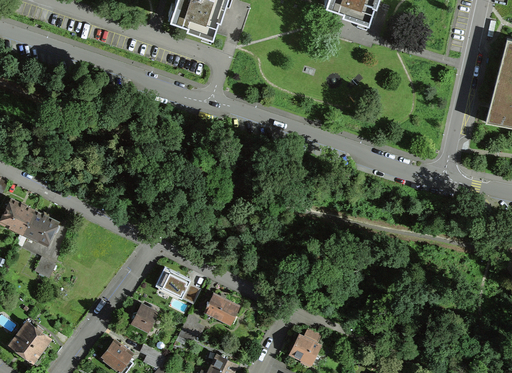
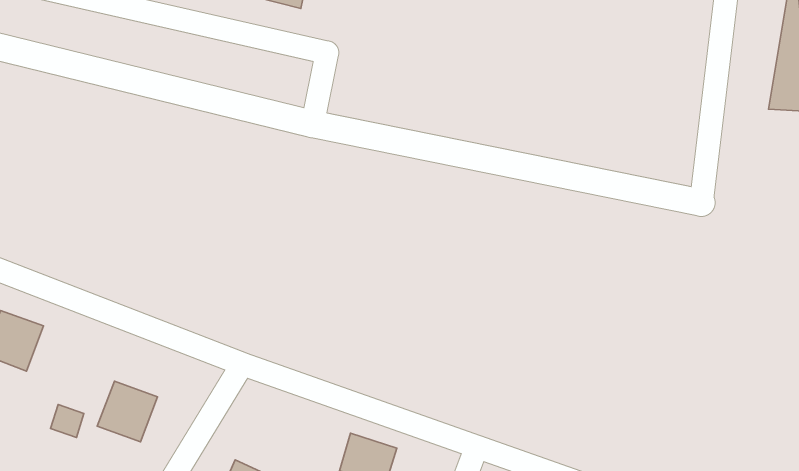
building: [22,209,60,247] -> [97,381,158,442]
building: [157,267,190,297] -> none

